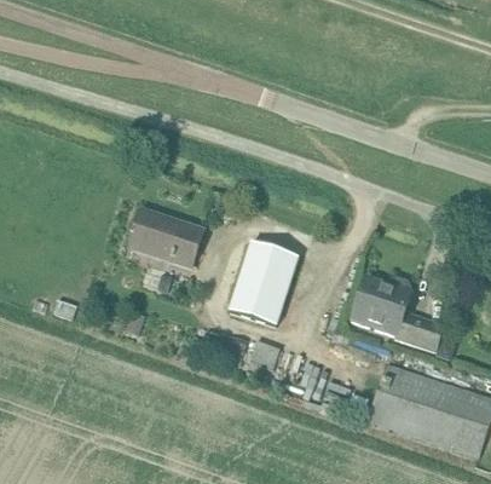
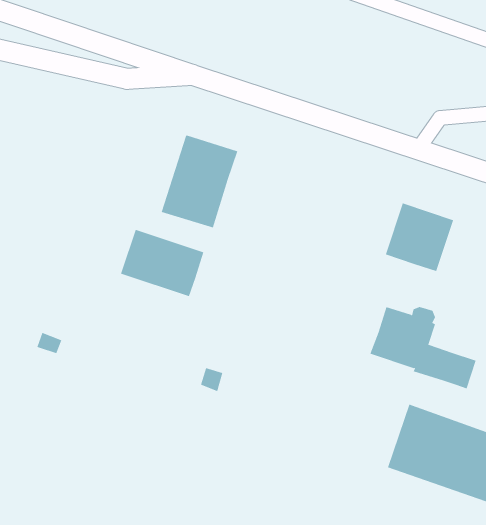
building: none -> [385,203,454,272]
building: [230,238,299,322] -> [161,135,238,228]

